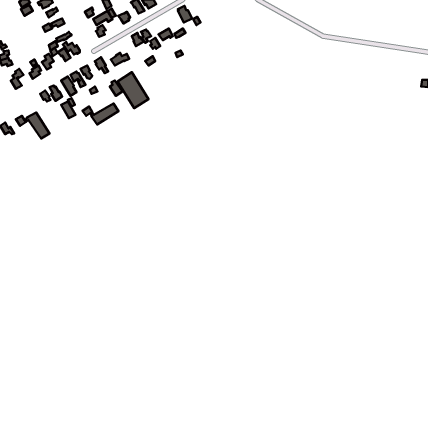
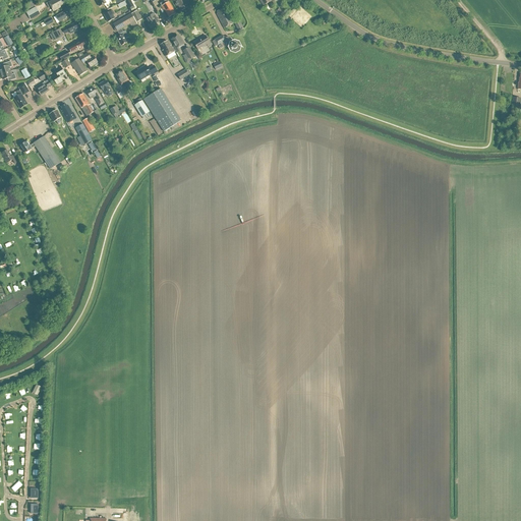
building: [82,103,119,124] -> none

